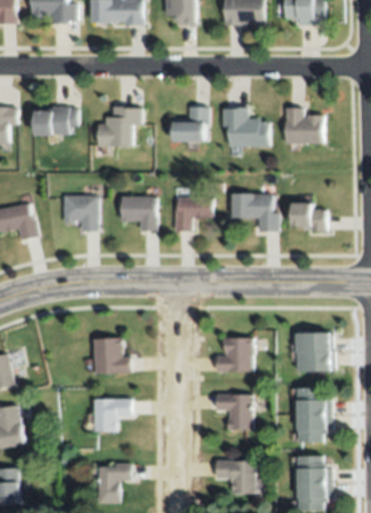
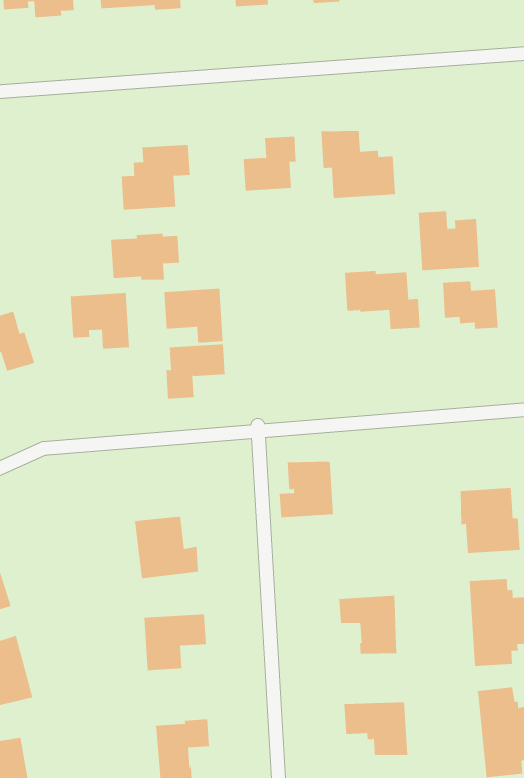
building: [36,106,78,135] -> [110,233,180,280]
building: [285,106,321,142] -> [418,211,480,271]
building: [174,197,212,229] -> [165,344,226,399]
building: [218,337,251,371] -> [279,461,334,518]

